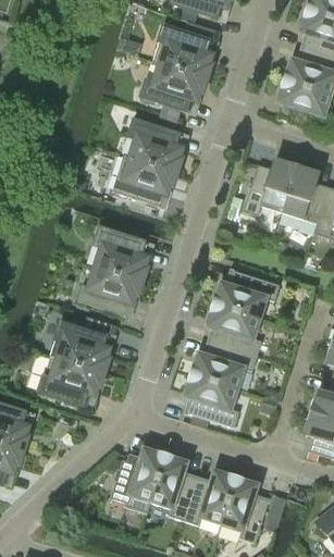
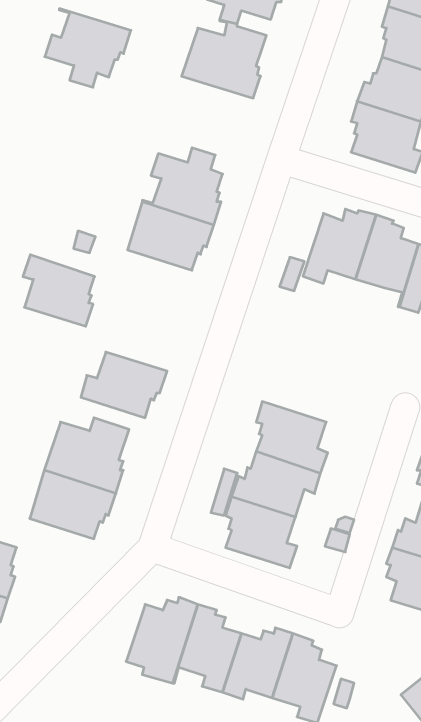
building: [141,61,206,120] -> [45,9,131,87]
building: [95,227,148,281] -> [23,255,95,326]
building: [212,270,279,319] -> none

